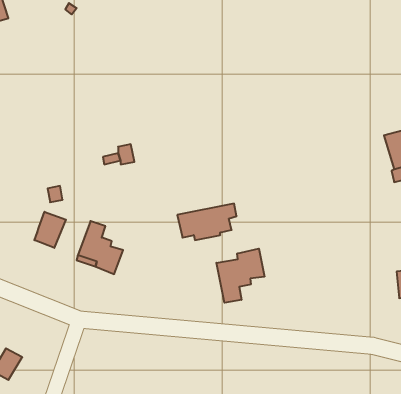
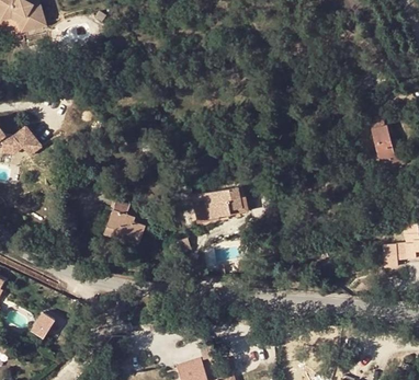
building: [34,212,66,248] -> none
building: [216,249,264,303] -> none

